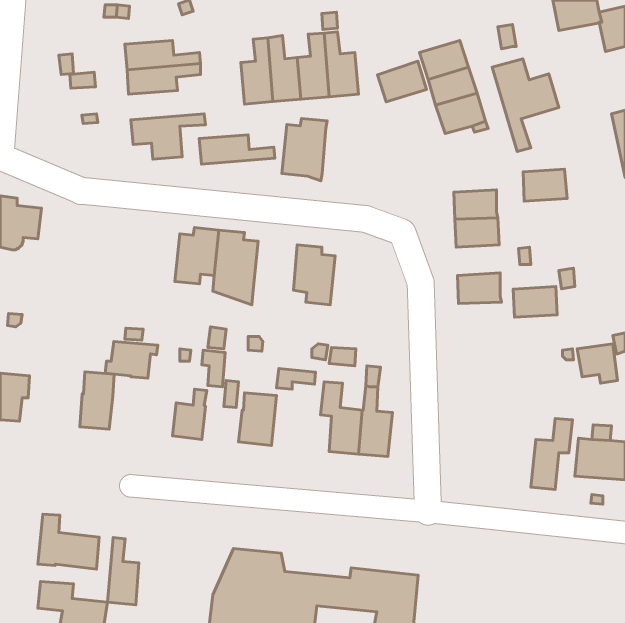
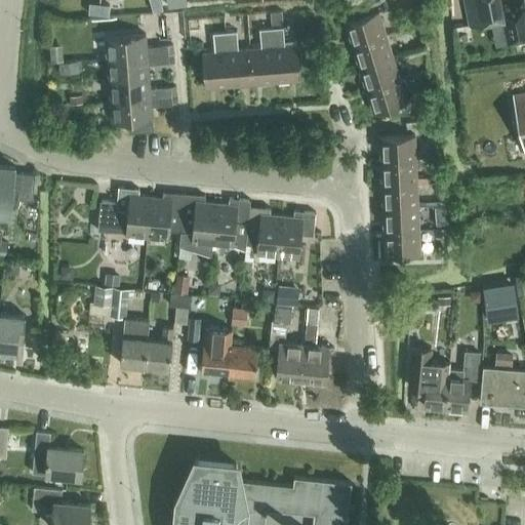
building: [492,59,559,152] -> none
building: [378,61,426,102] -> [345,12,386,46]
building: [282,119,327,181] -> [212,199,250,251]
building: [199,135,275,164] -> [108,78,171,103]
building: [523,169,567,201] -> [379,136,416,163]
building: none -> [97,189,151,238]
building: none -> [277,211,315,259]
building: [513,287,557,317] -> [382,207,419,233]
building: [80,372,114,429] -> [120,319,149,367]
building: none -> [229,339,258,378]
building: none -> [408,349,450,410]
building: [108,537,139,605] -> none

